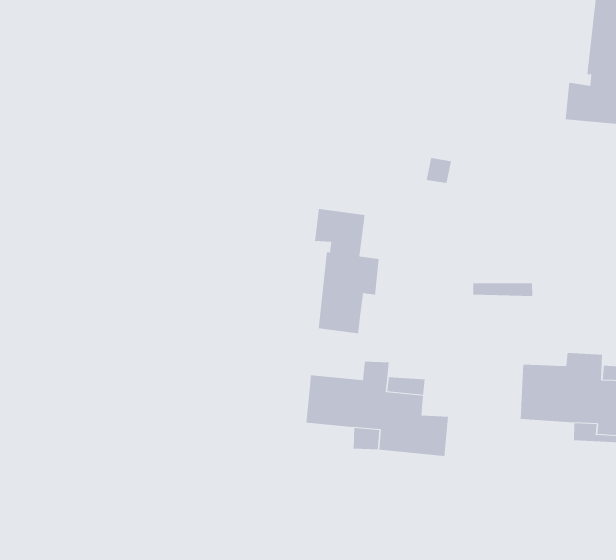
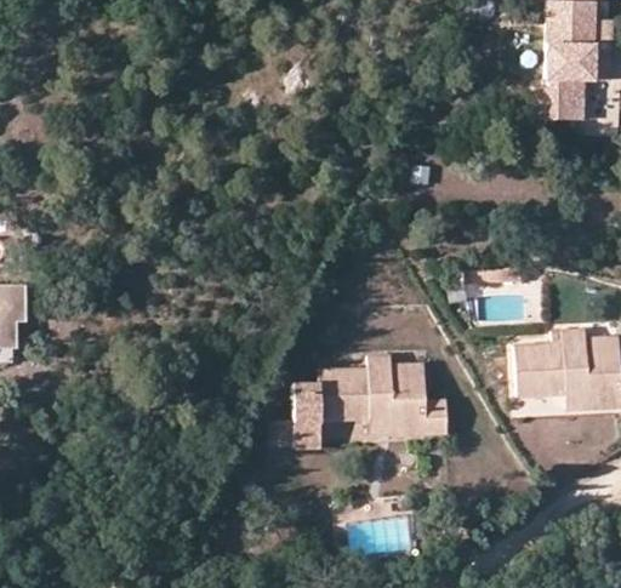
building: [314,208,379,334] -> none
building: none -> [272,384,324,450]

